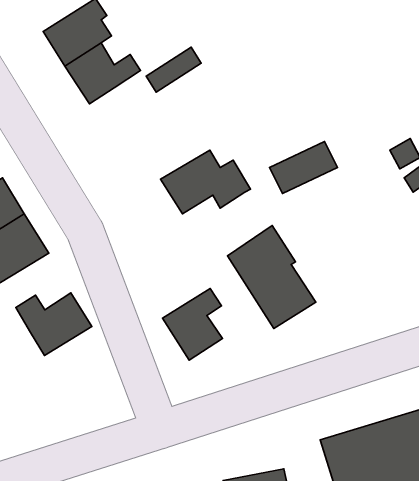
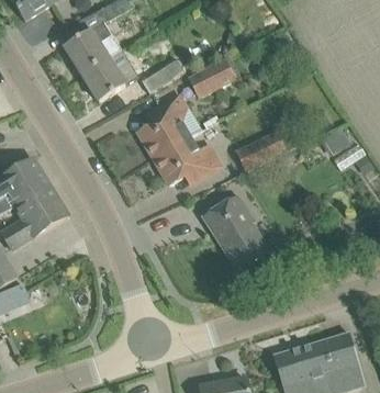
building: none -> [189,57,236,98]
building: none -> [137,94,199,158]
building: [163,288,222,360] -> none
building: [16,293,92,355] -> none

